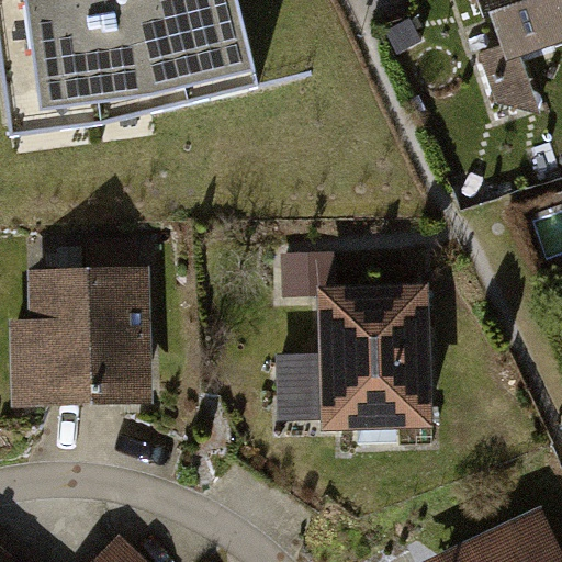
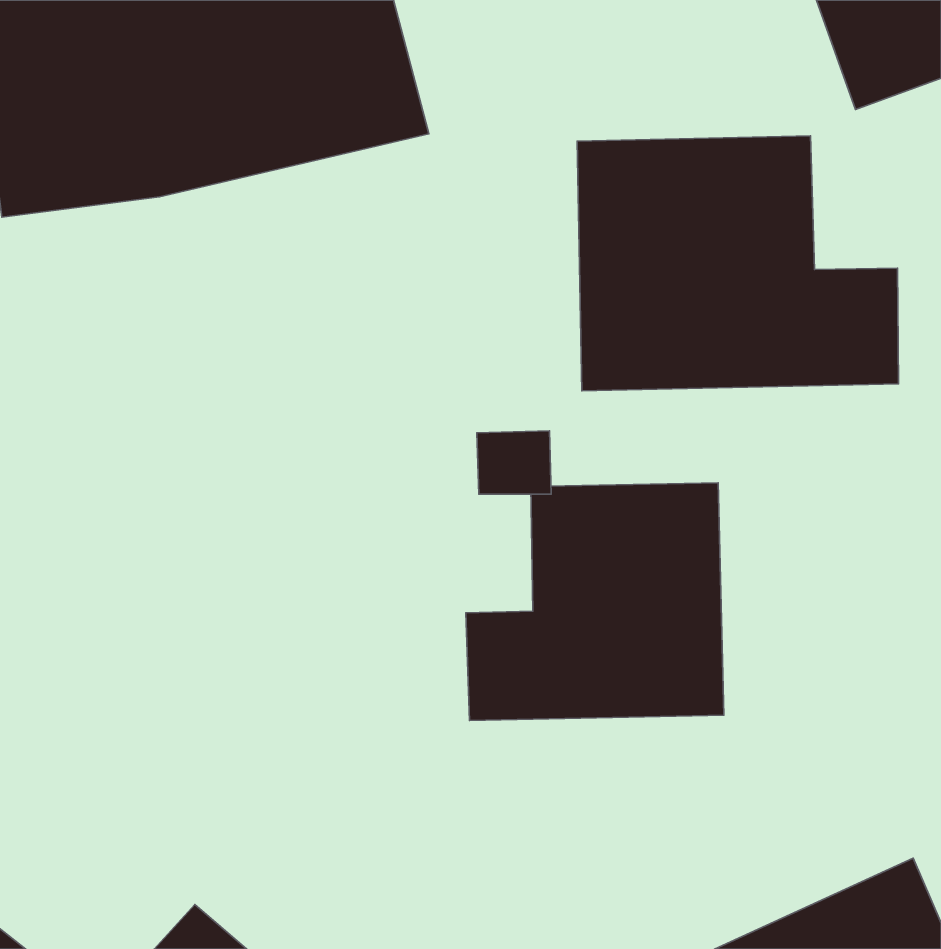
building: none -> [577,136,898,391]
building: [33,260,157,390] -> none

